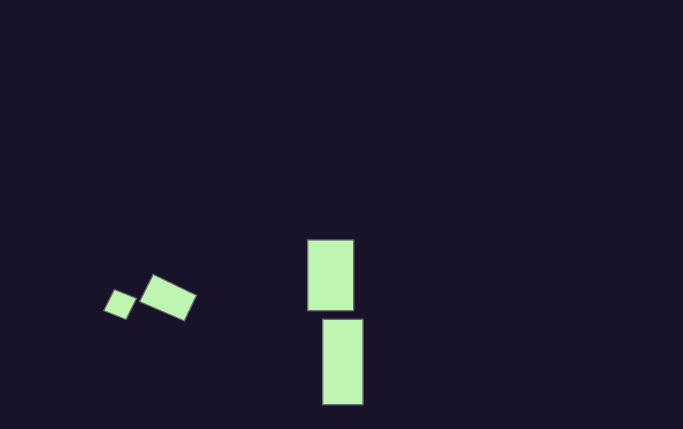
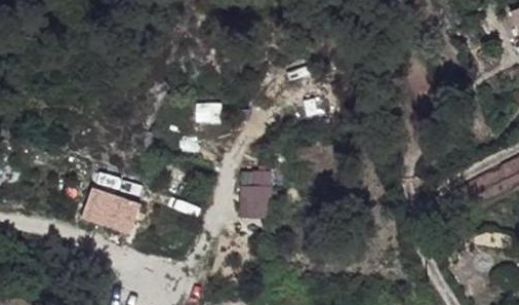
building: [323,319,363,405] -> none

